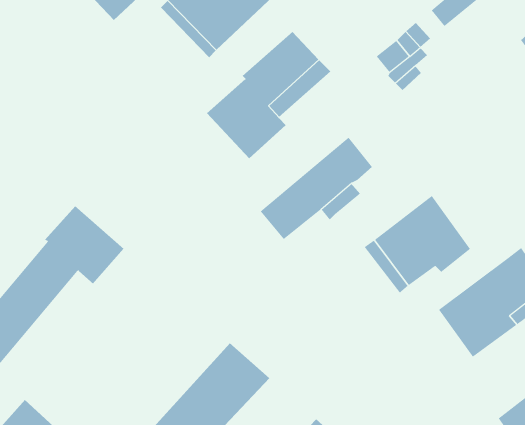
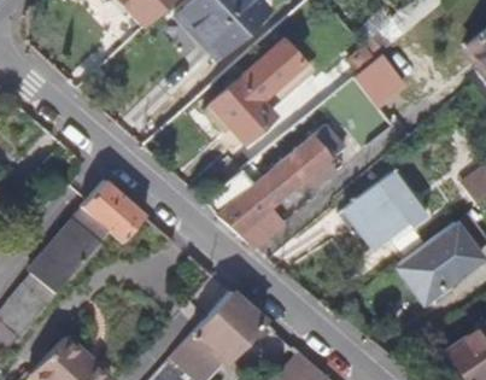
building: none -> [207,170,283,242]

